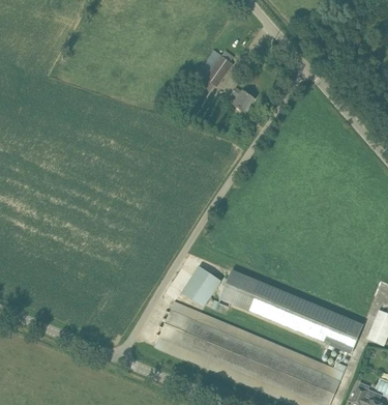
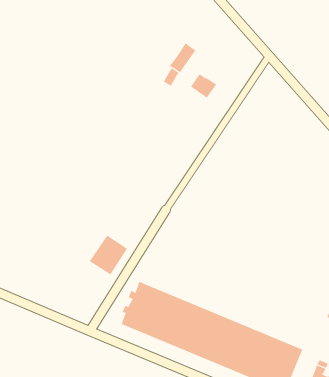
building: [181,265,221,307] -> [89,235,128,275]
building: [219,268,364,353] -> none

